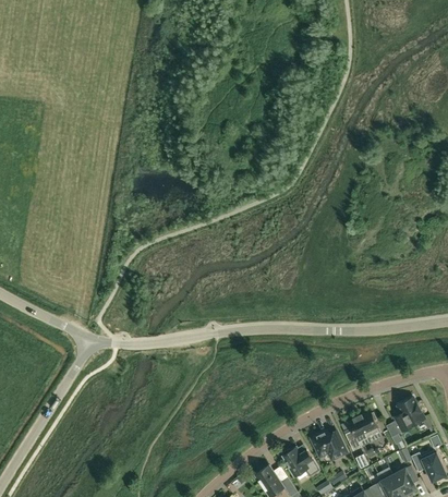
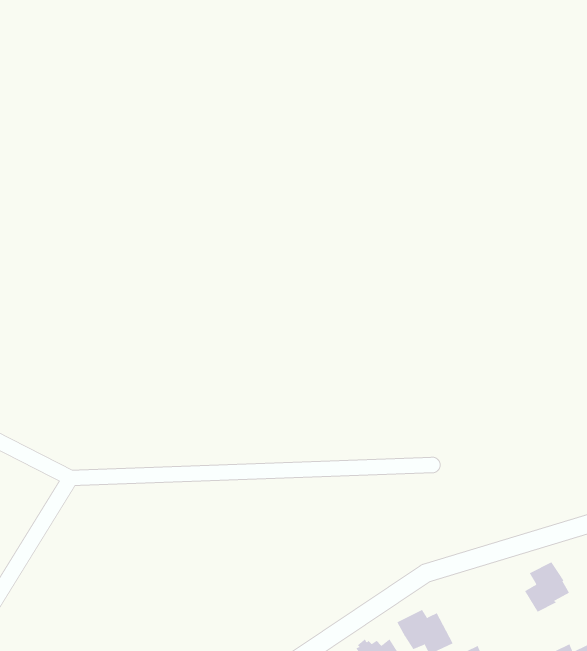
building: [347,410,379,449] -> none

